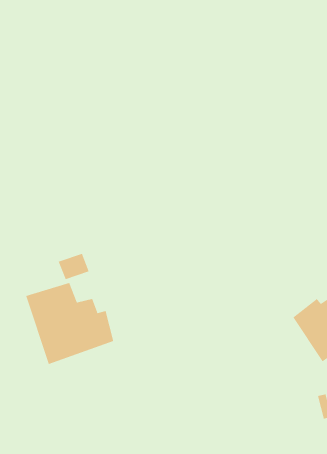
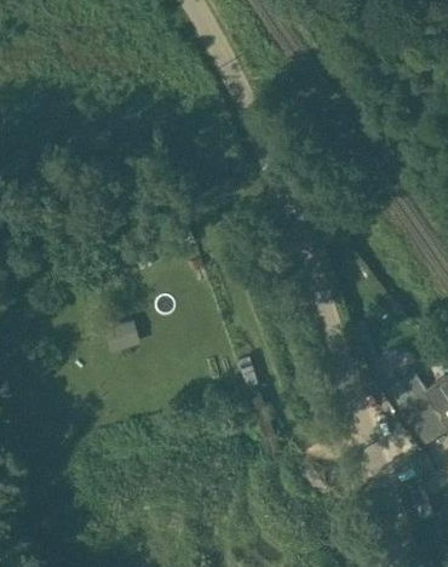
building: [25,282,114,365] -> none

